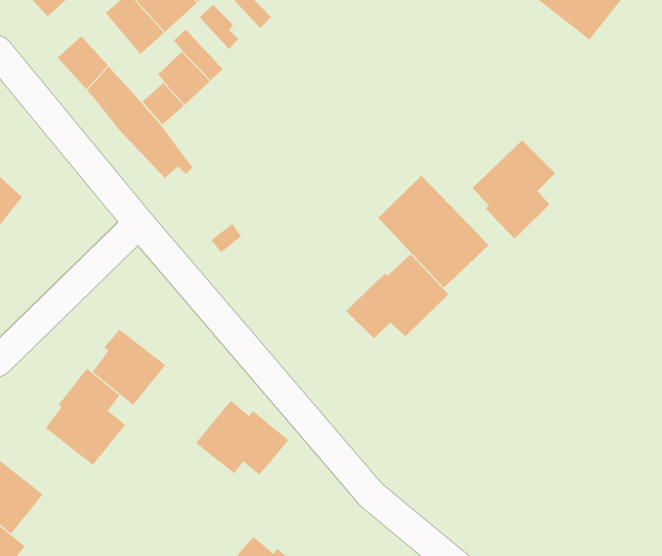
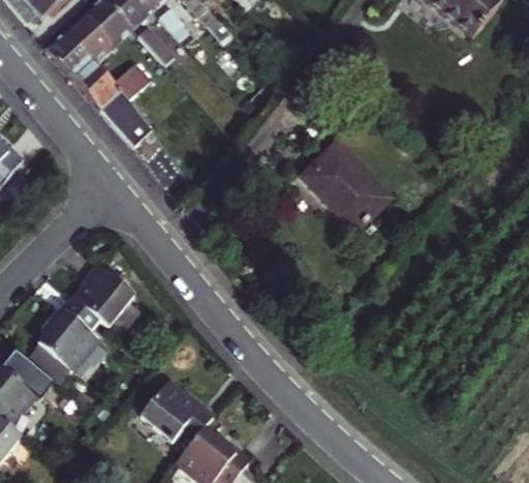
building: none -> [66,13,113,63]
building: [472,139,556,239] -> none
building: [346,254,449,339] -> none
building: [195,400,289,475] -> [142,380,216,440]
building: none -> [25,342,75,389]

